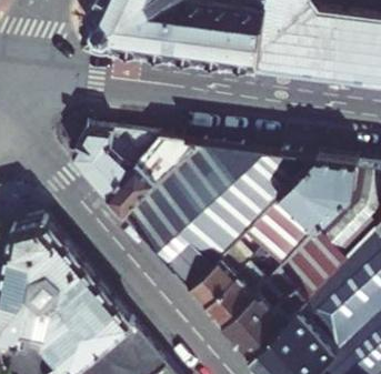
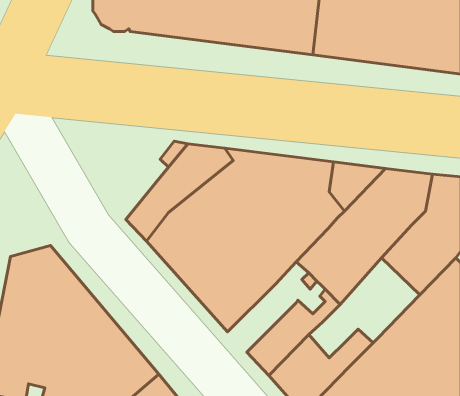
building: [71,127,131,198] -> none
building: [254,229,344,310] -> none
building: [189,250,244,305] -> none

